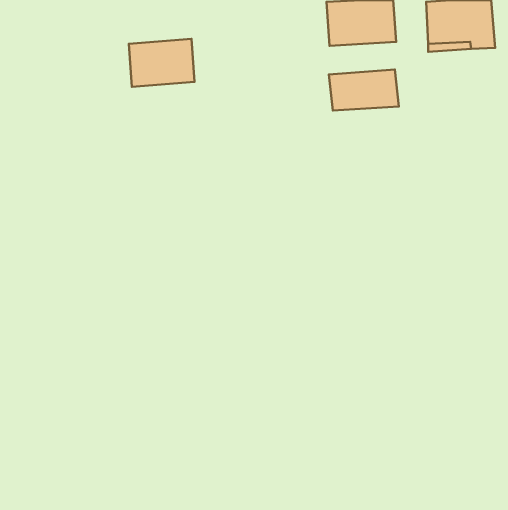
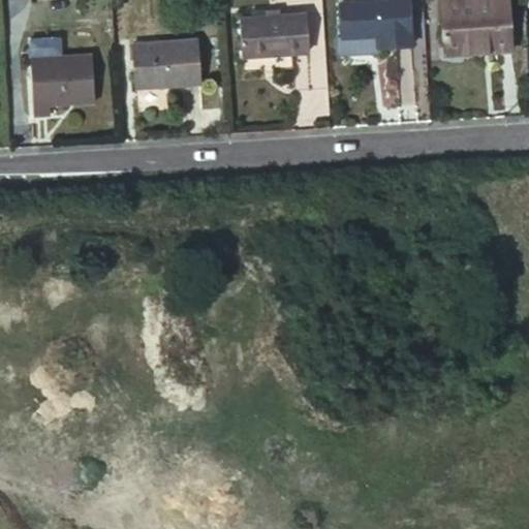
building: none -> [32,55,96,121]
building: [329,70,399,111] -> [237,12,309,55]

